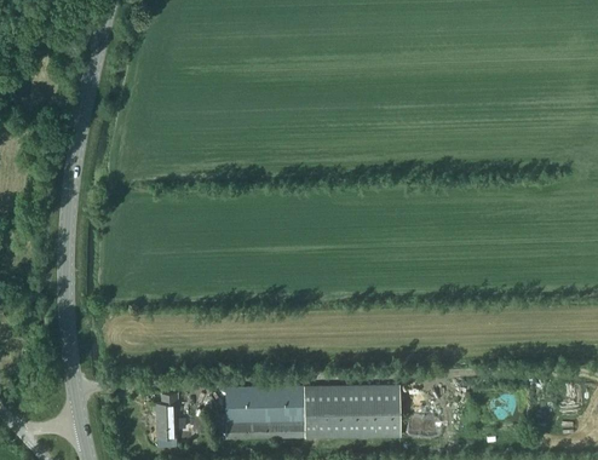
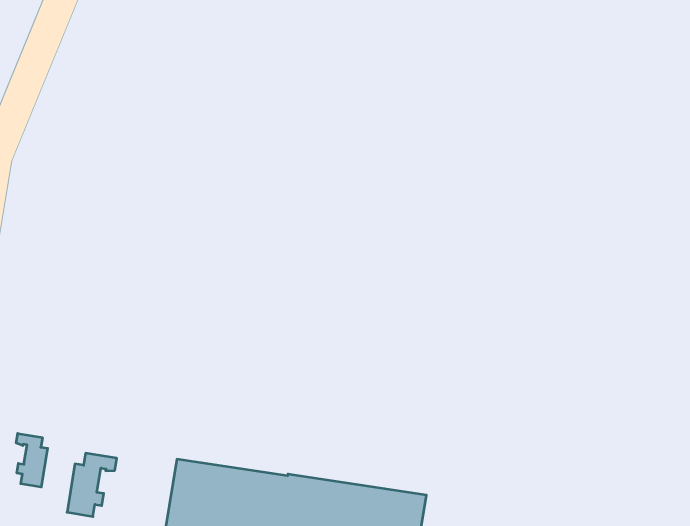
building: none -> [16,433,48,487]

